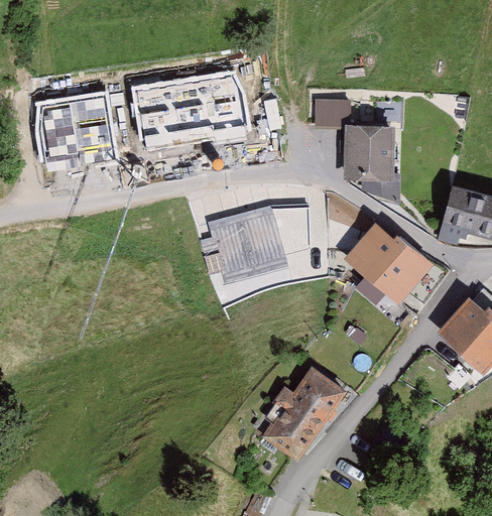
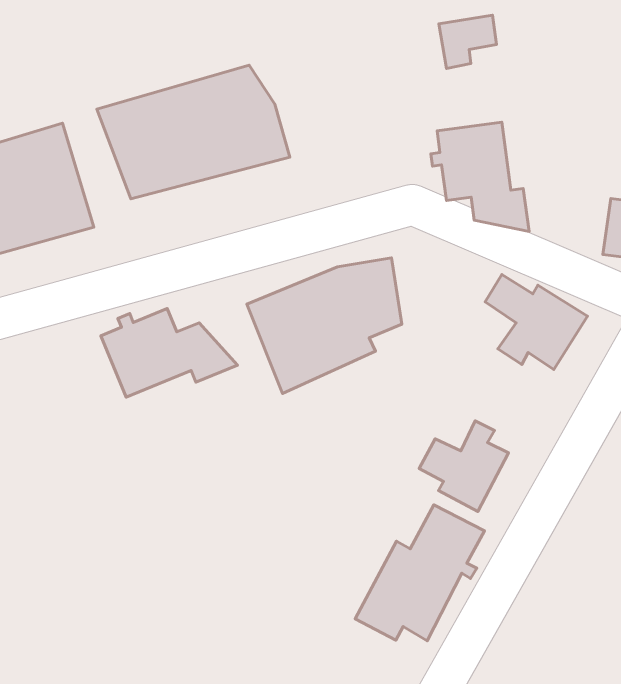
building: [314,96,349,126] -> [439,15,497,68]
building: none -> [101,308,237,397]
building: none -> [419,421,508,511]

